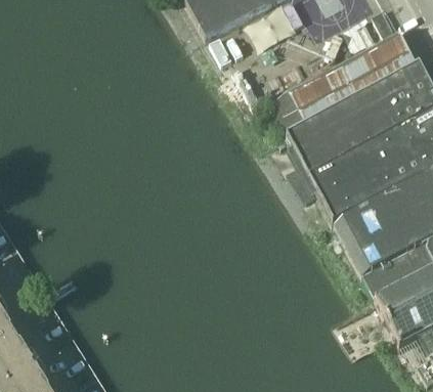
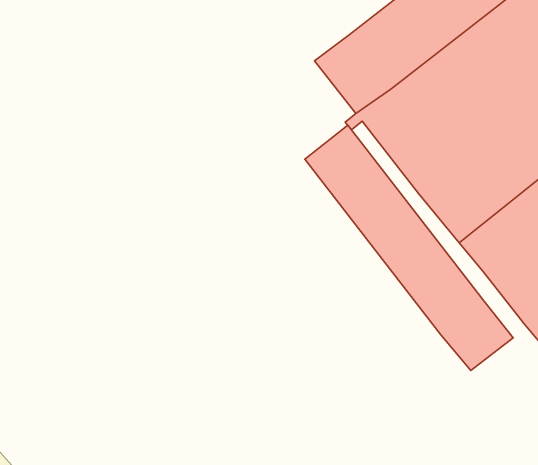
building: none -> [305,125,513,371]

